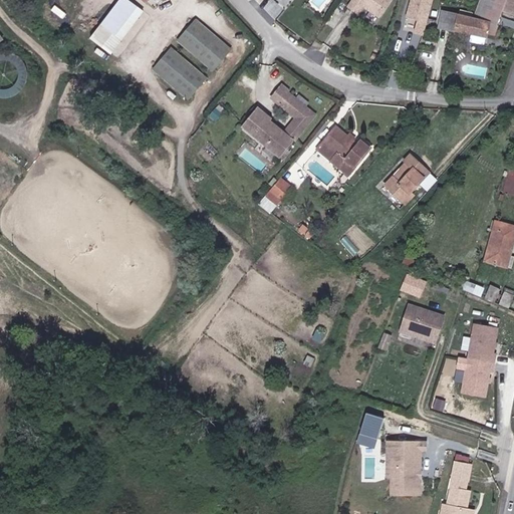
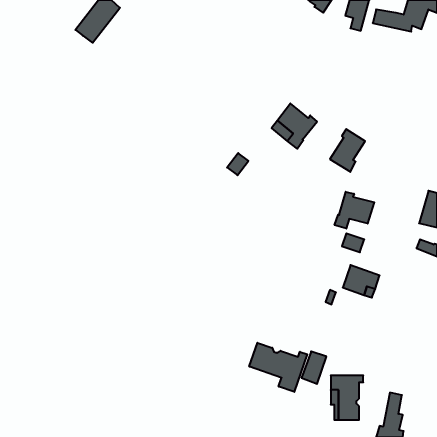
building: [176,16,230,67] -> none
building: [150,47,204,97] -> none
building: [236,93,310,161] -> none
building: none -> [335,192,374,229]
building: [460,325,500,398] -> none
building: none -> [249,343,307,392]

